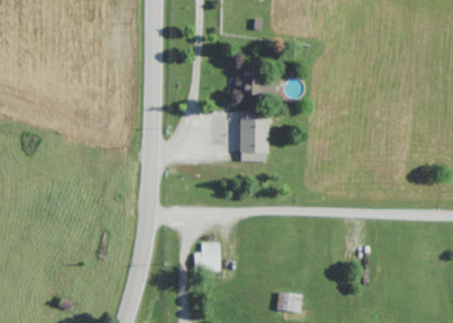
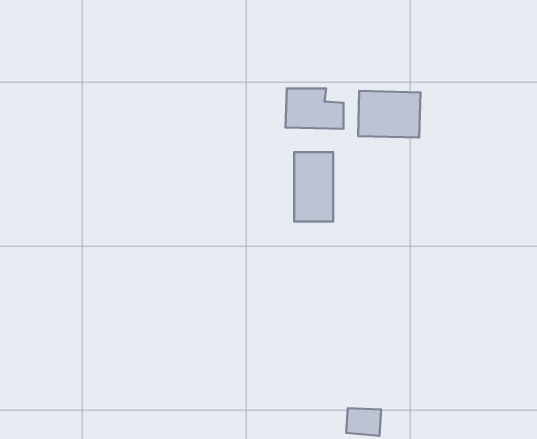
building: none -> [358,91,420,138]
building: [194,241,219,272] -> none

